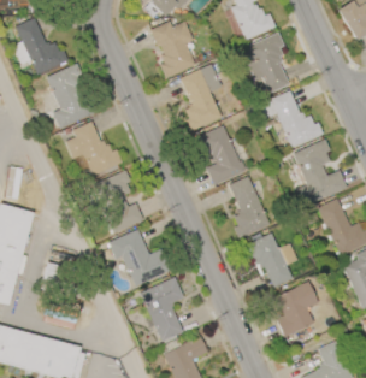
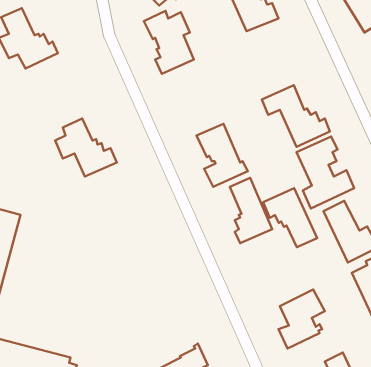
building: [241,33,289,93] -> none
building: [45,63,93,129] -> none
building: [179,64,222,132] -> none
building: [93,172,143,232] -> none
building: [107,229,171,287] -> none
building: [242,232,293,288] -> [263,188,317,247]
building: [140,278,183,341] -> none

